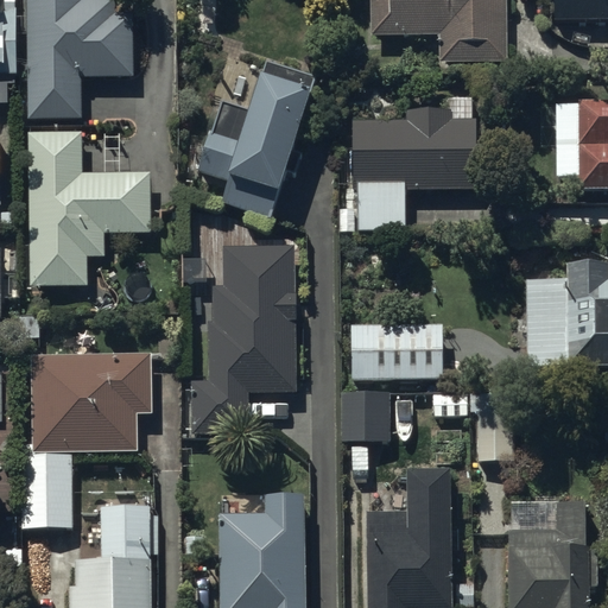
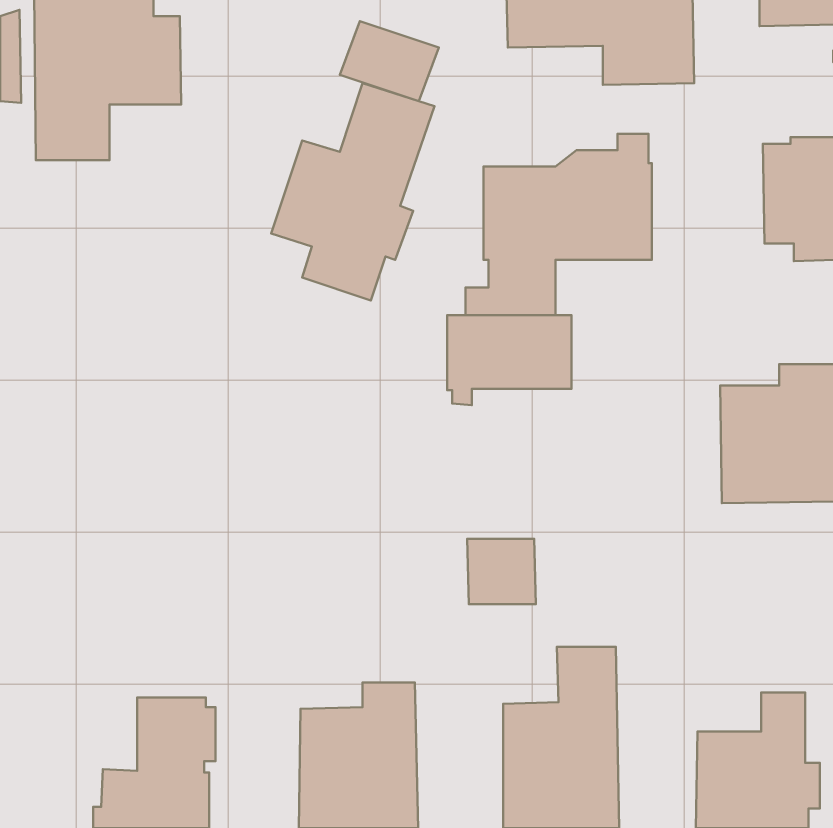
building: none -> [340,21,439,101]
building: [28,131,152,284] -> none
building: [191,246,297,433] -> none
building: [352,325,442,391] -> [447,315,571,405]
building: [23,353,151,527] -> none

